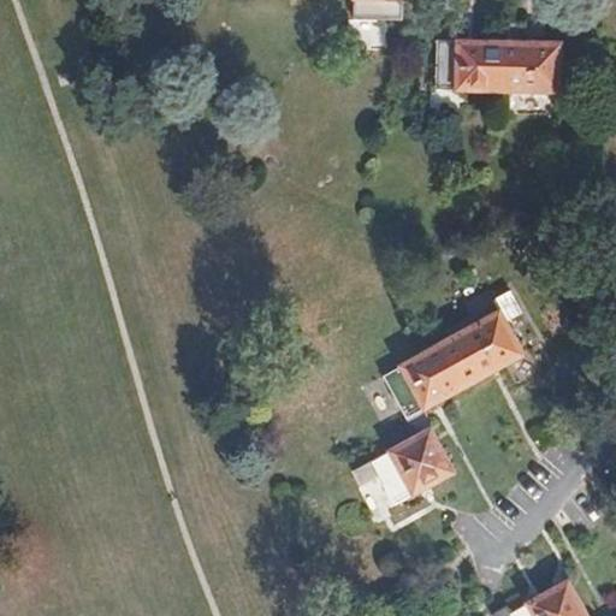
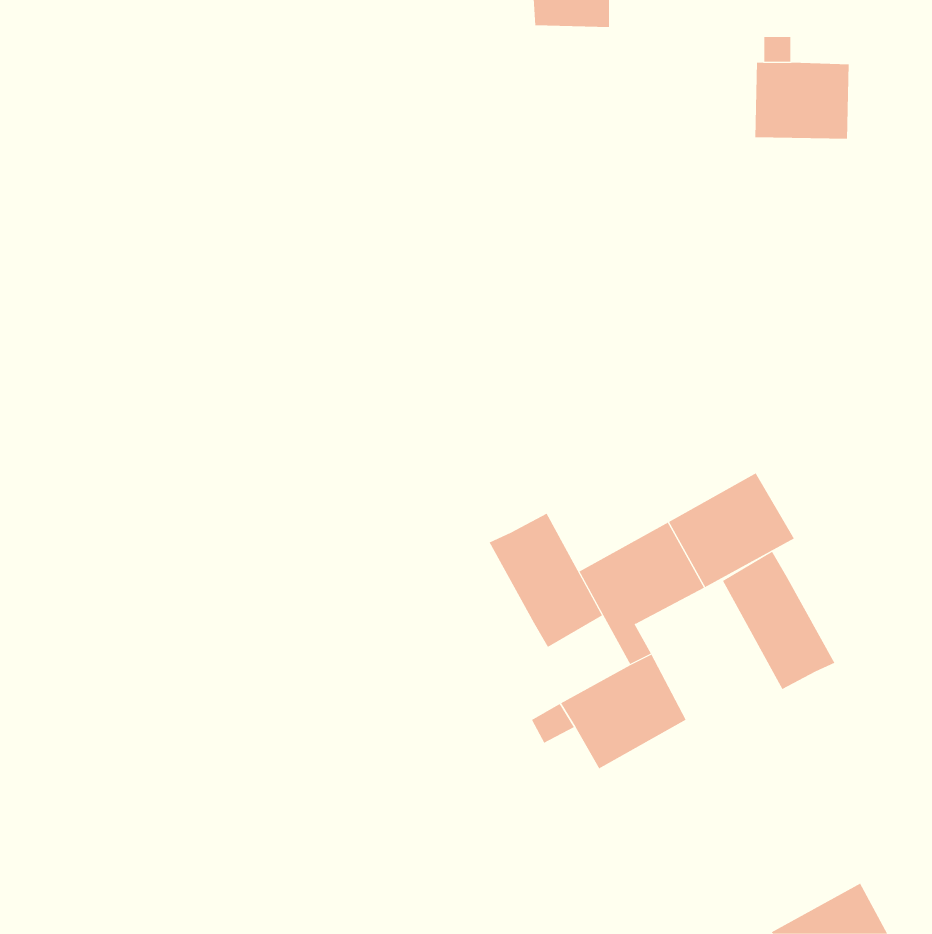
building: [437,38,499,90] -> none
building: none -> [489,513,603,648]
building: none -> [722,551,835,690]

